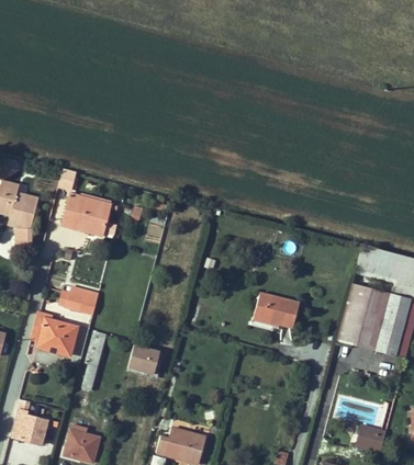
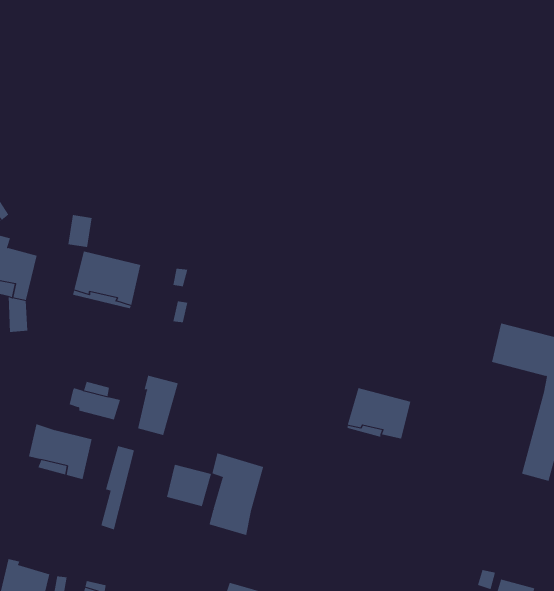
building: none -> [138,375,178,436]
building: [336,284,391,351] -> none
building: none -> [209,453,264,536]

